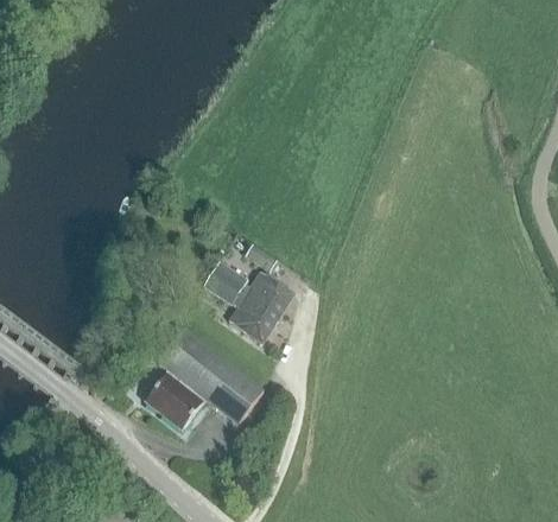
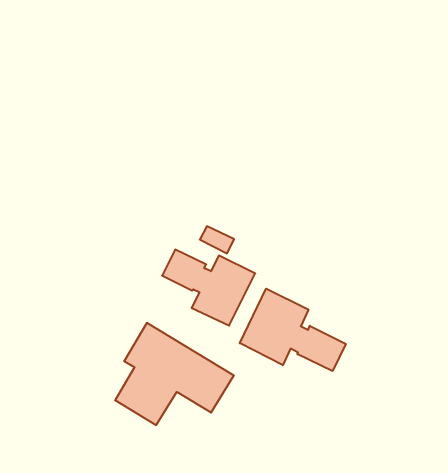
building: none -> [240,289,346,371]

